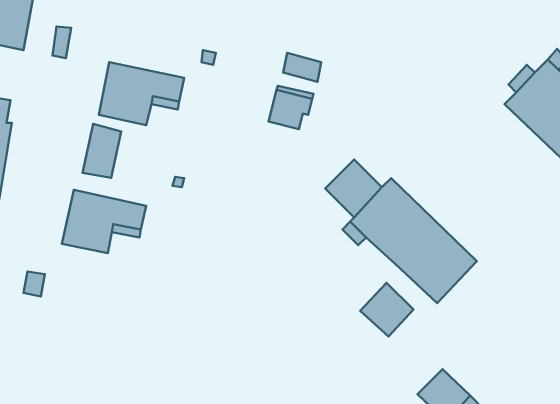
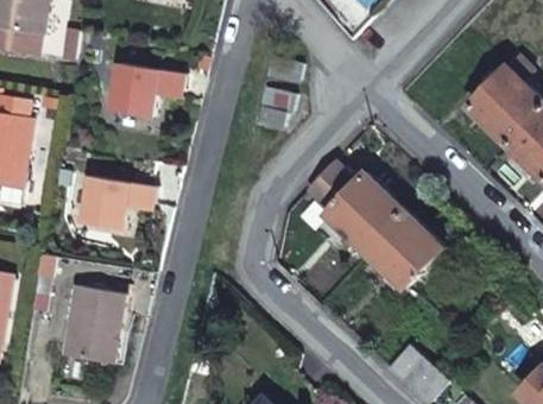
building: [82,124,121,178] -> none
building: [360,283,414,336] -> none
building: none -> [67,291,126,367]

